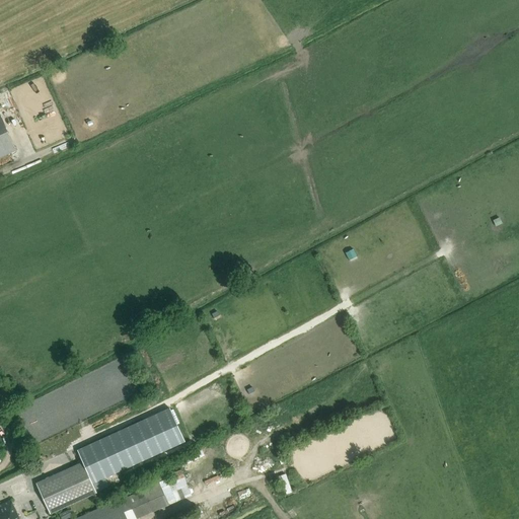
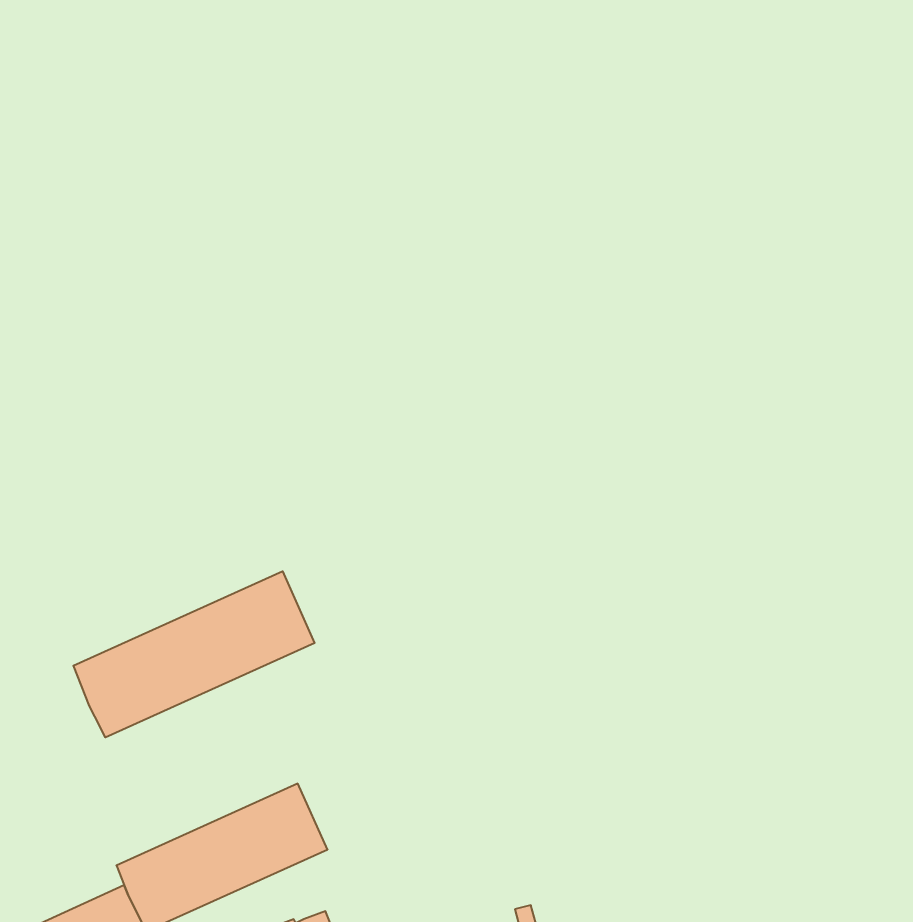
building: none -> [73,571,315,737]

